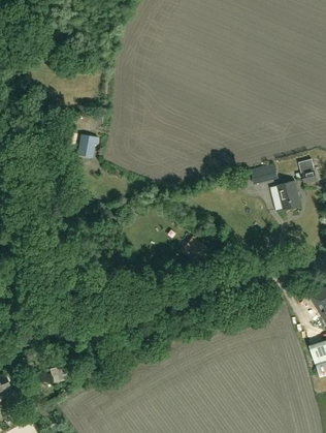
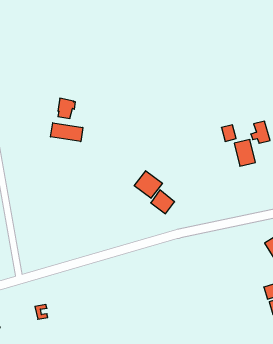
building: none -> [51,123,83,142]
building: none -> [134,171,162,198]

